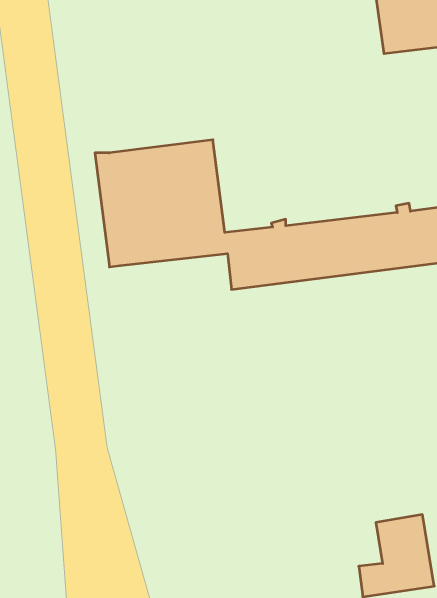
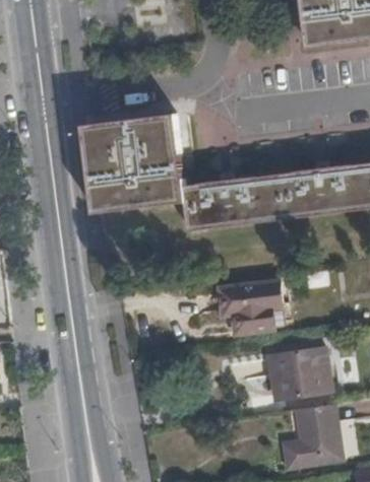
building: none -> [222,281,281,331]
building: none -> [267,345,329,397]

